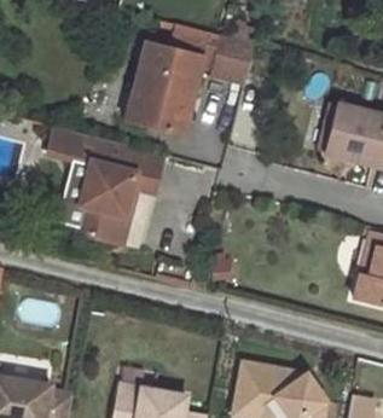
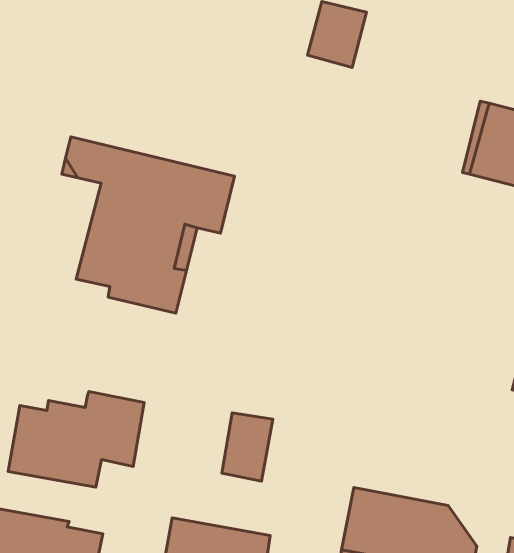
building: [126,40,204,133] -> none
building: none -> [8,392,144,487]
building: none -> [222,413,273,481]

